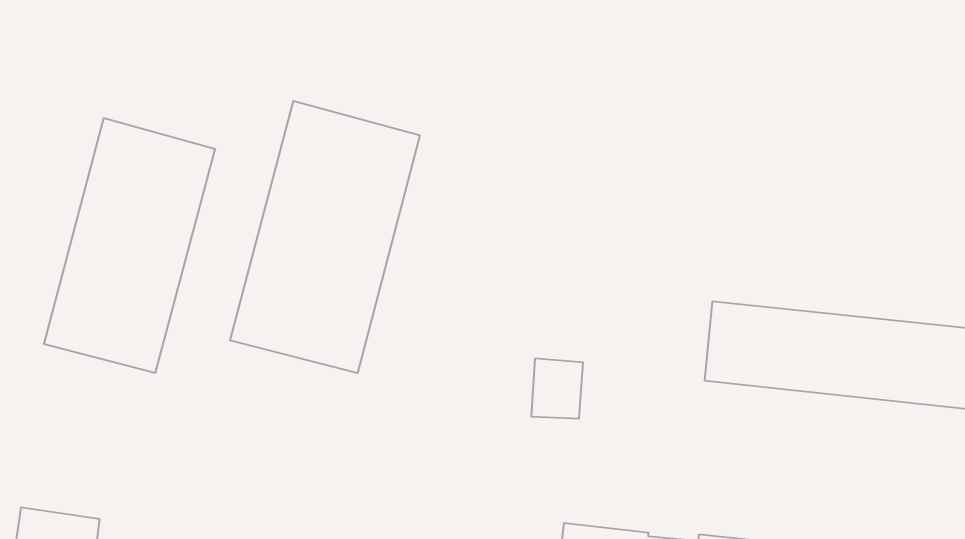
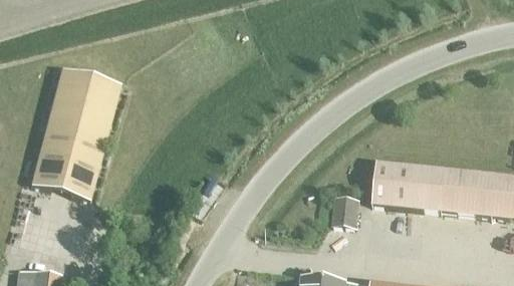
building: [230,101,420,373] -> none
building: [531,359,583,418] -> [332,193,359,224]

